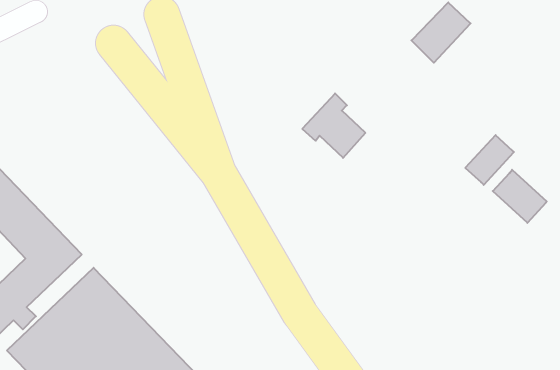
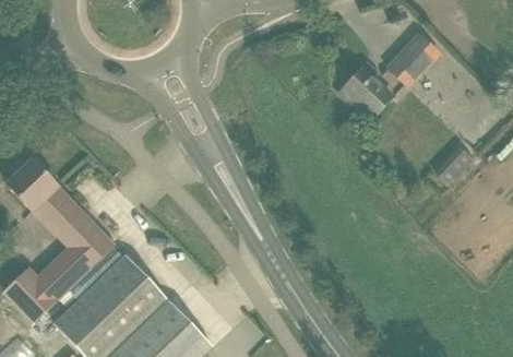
building: [302,93,365,158] -> [338,62,391,116]
building: [493,170,547,223] -> none

